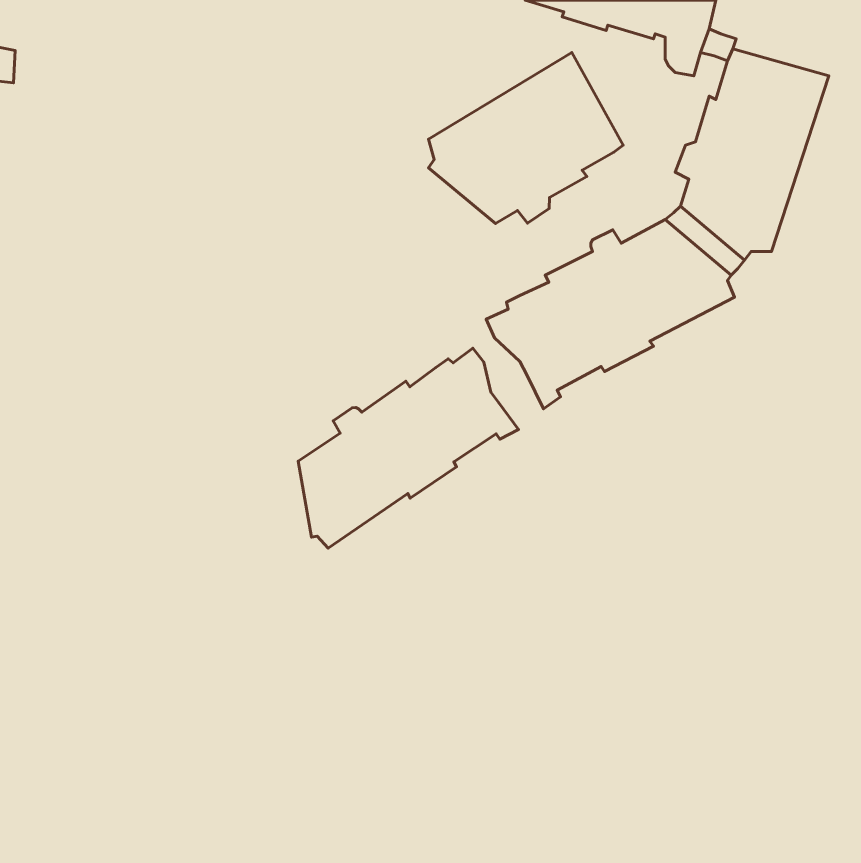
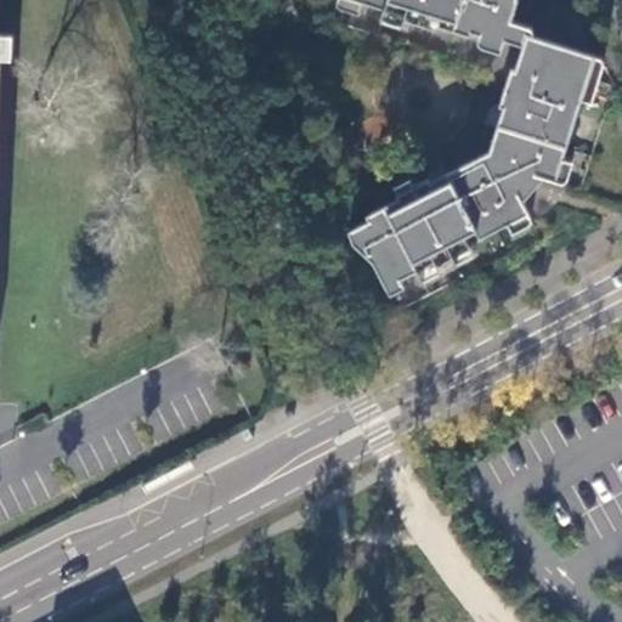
building: [429,53,623,223] -> none
building: [298,348,518,548] -> none

